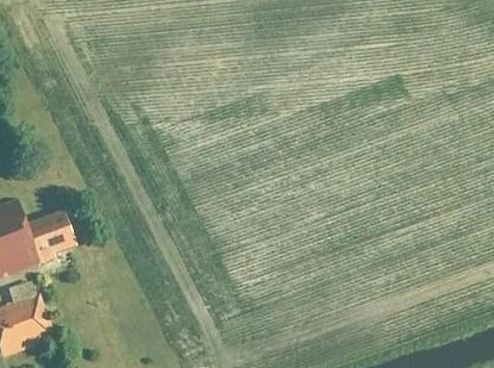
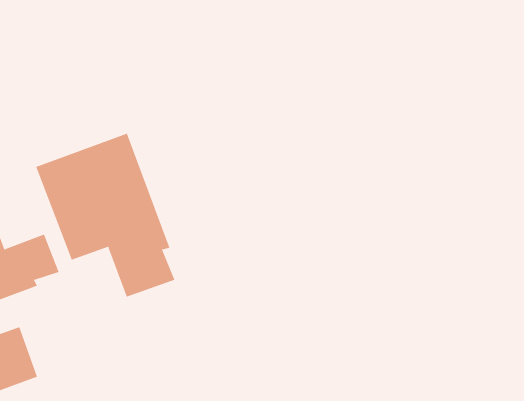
building: none -> [35,133,175,298]

